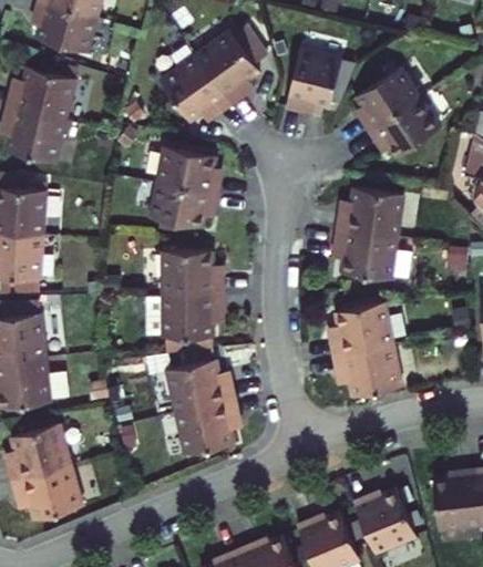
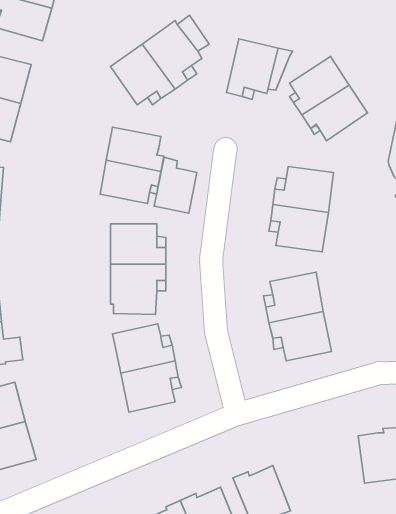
building: none -> [154,157,197,213]
building: [351,489,413,554] -> none

